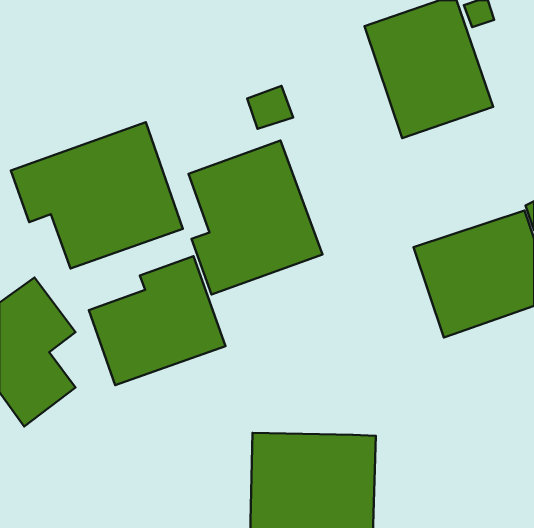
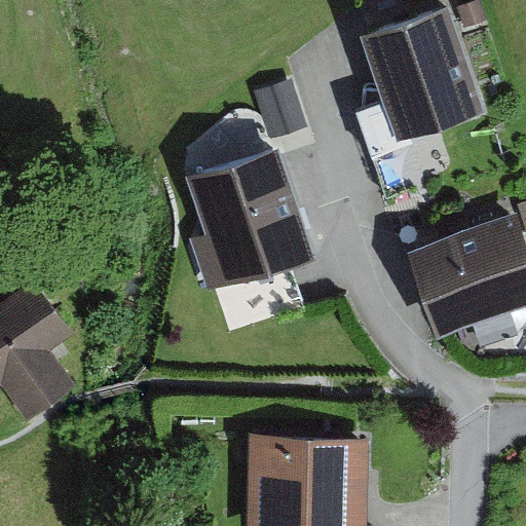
building: [11,122,183,269] -> none
building: [89,256,226,385] -> none

